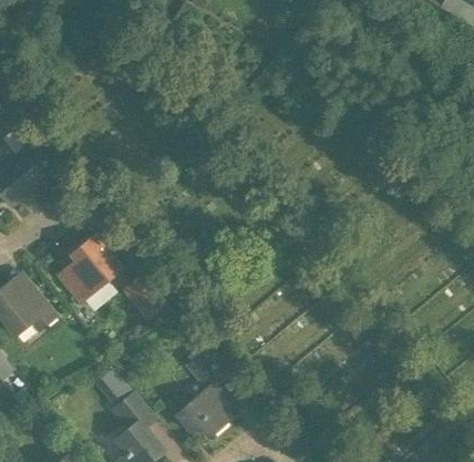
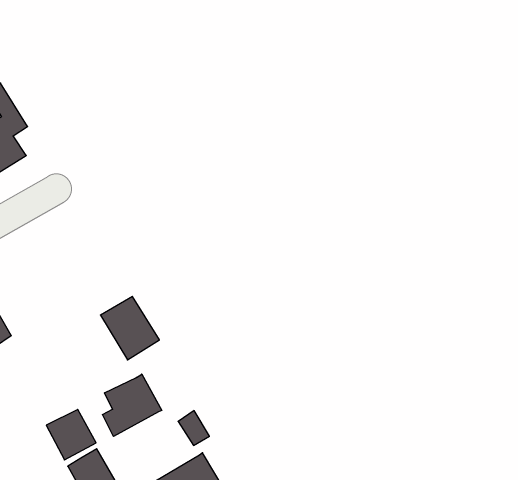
building: [58,235,121,301] -> none
building: none -> [102,374,162,436]

